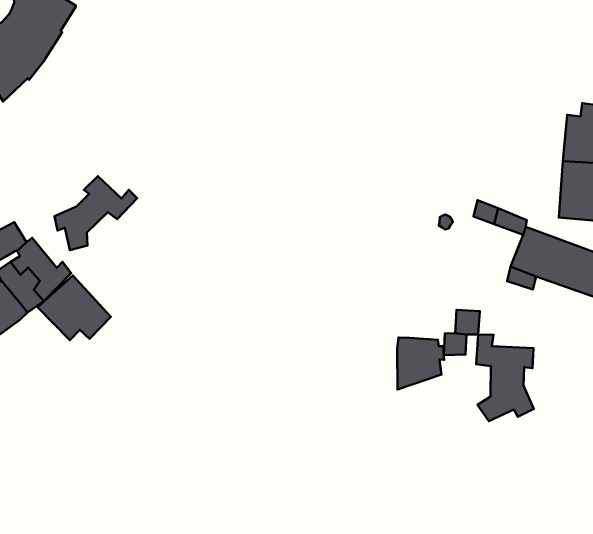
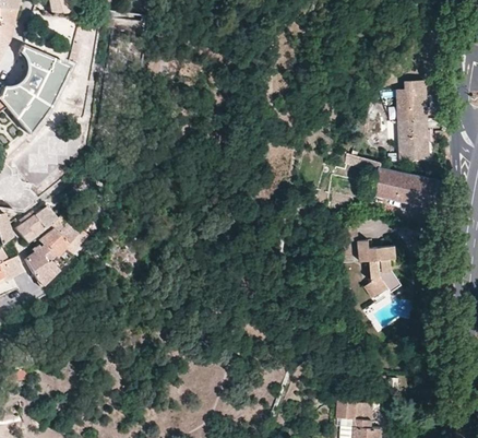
building: [55,176,137,250] -> none
building: [38,275,111,340] -> none
building: [397,338,444,389] -> none

